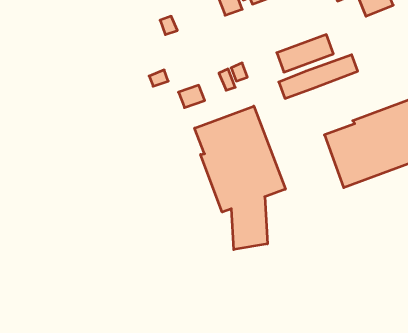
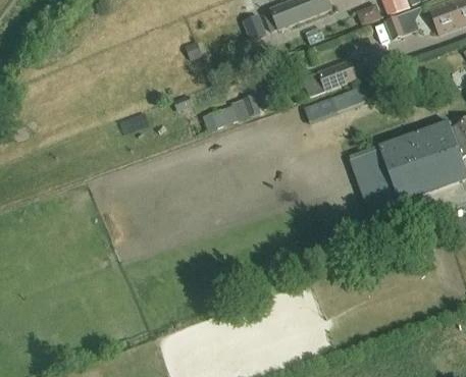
building: [195,106,285,250] -> none

